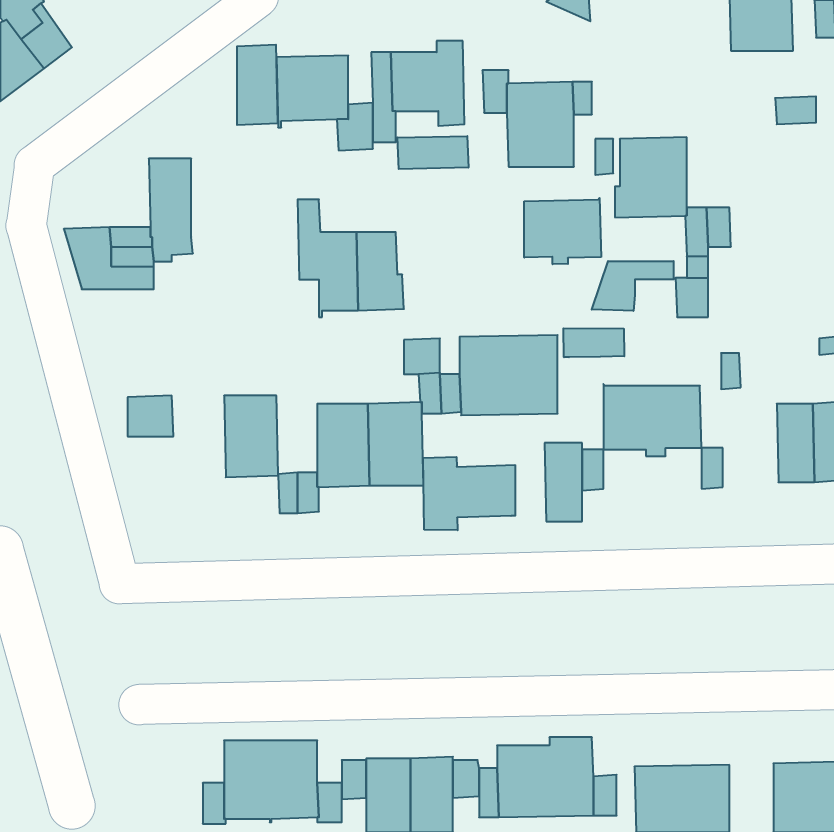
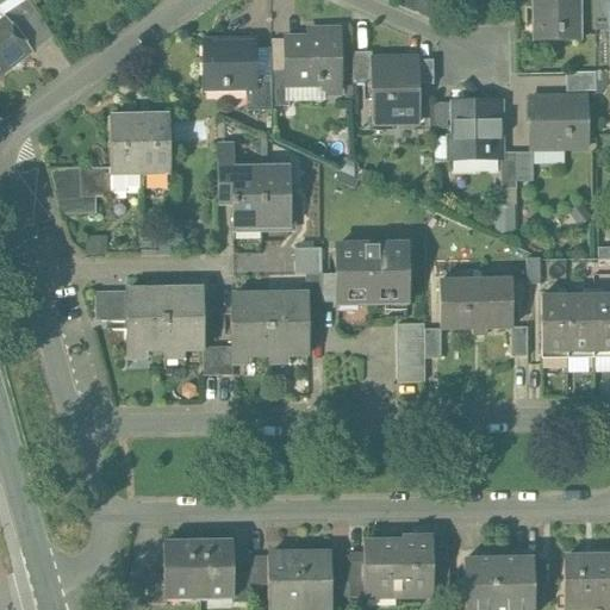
building: [237,45,278,125] -> [141,114,170,173]
building: none -> [530,98,587,145]
building: [397,136,468,169] -> none
building: [524,198,601,264] -> none
building: [592,261,674,311] -> none
building: [563,328,624,357] -> none
building: none -> [126,288,166,348]
building: none -> [541,294,568,351]
building: [423,457,515,530] -> none

